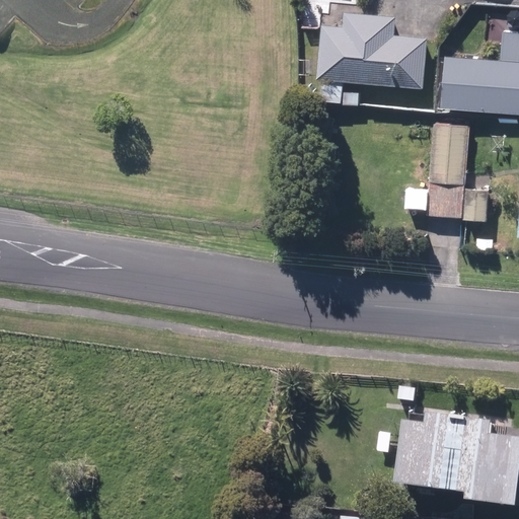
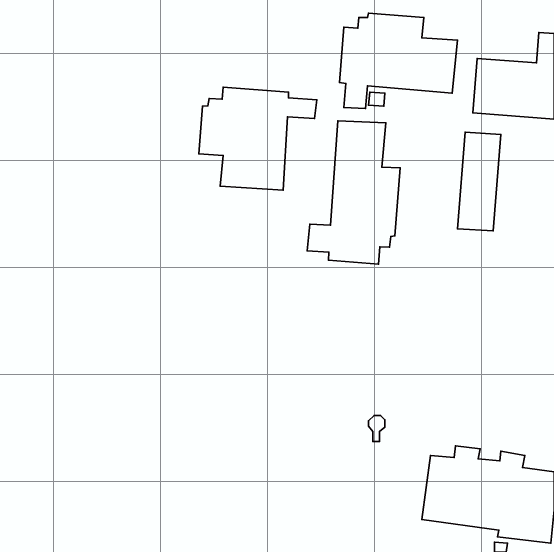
building: none -> [199,87,317,190]
building: none -> [307,121,400,264]

